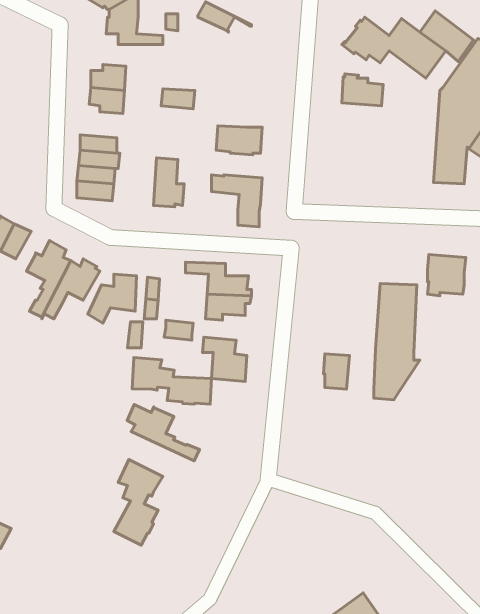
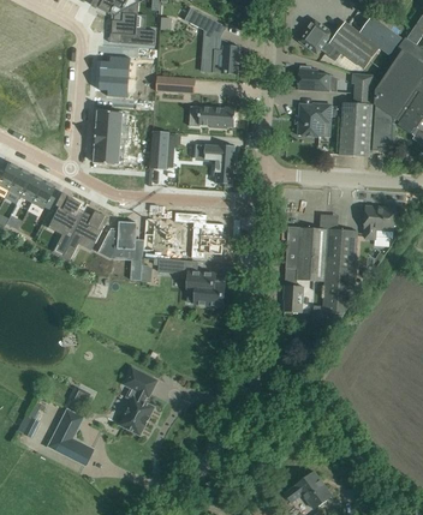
building: none -> [202,34,240,73]
building: none -> [298,73,377,157]
building: none -> [286,226,328,281]
building: [132,357,212,404] -> none
building: [127,405,200,461] -> none
building: none -> [48,409,93,465]

